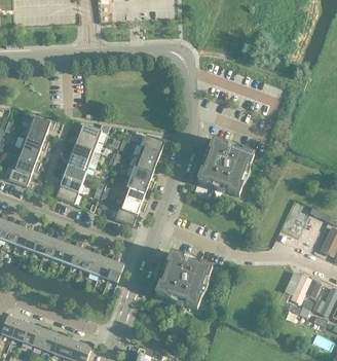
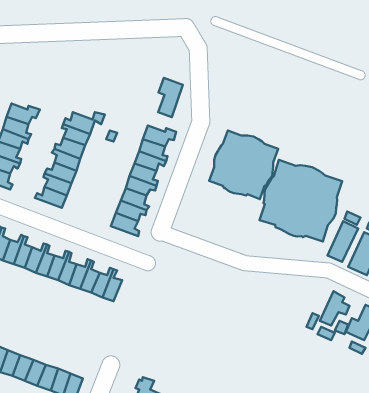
building: none -> [158,78,183,117]
building: none -> [259,160,342,241]
building: [154,253,212,310] -> none

